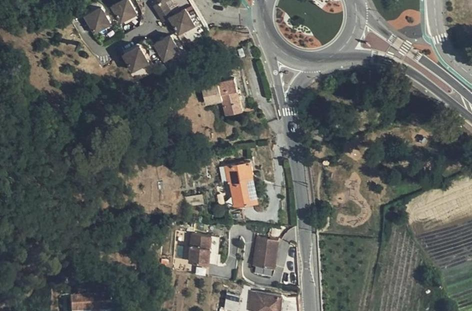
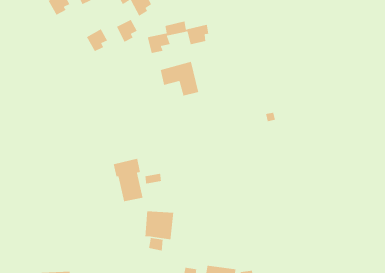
building: none -> [147,20,209,54]
building: [224,161,256,207] -> [113,158,144,202]
building: [252,237,277,269] -> none

